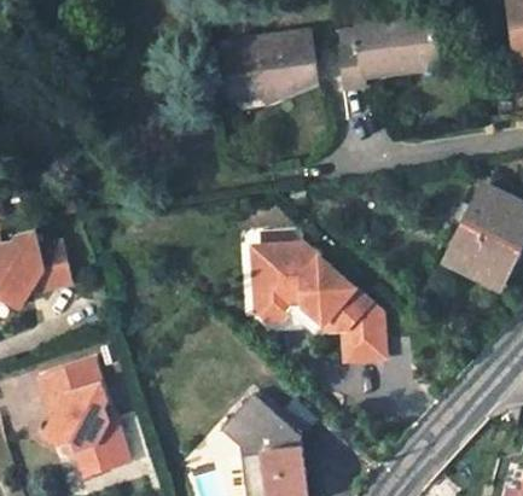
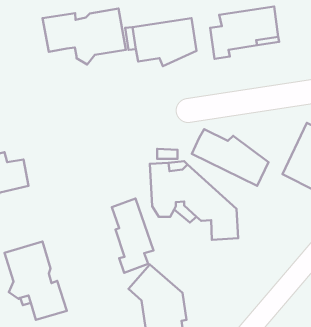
building: none -> [42,9,126,64]
building: none -> [192,129,269,186]
building: none -> [112,199,154,273]

